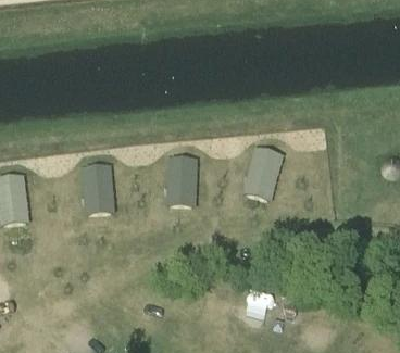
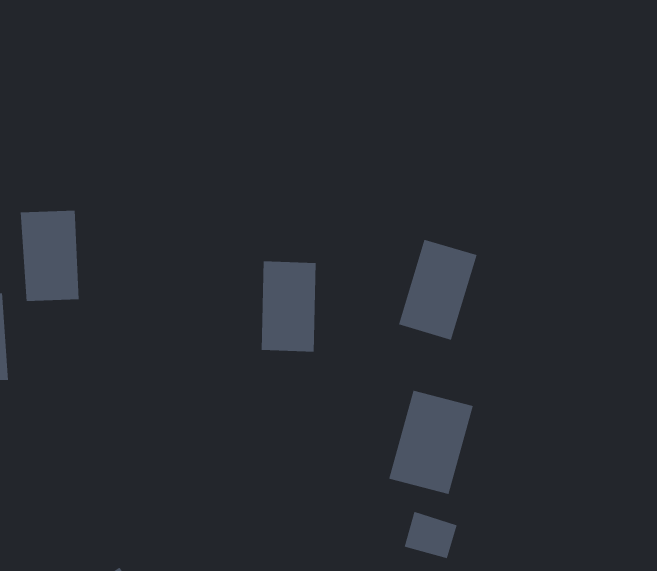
building: [80,164,113,214] -> [20,210,80,301]
building: none -> [388,390,473,495]

